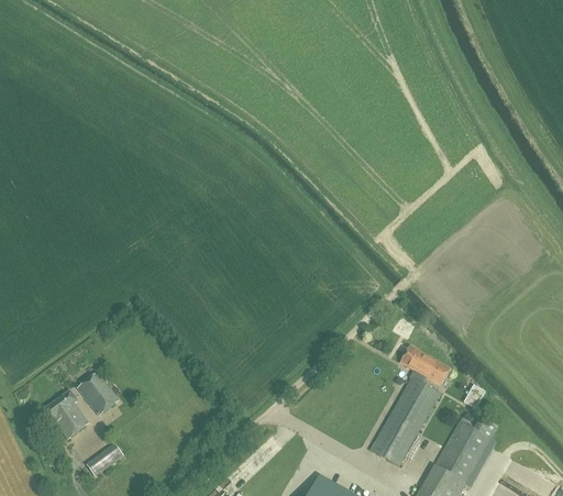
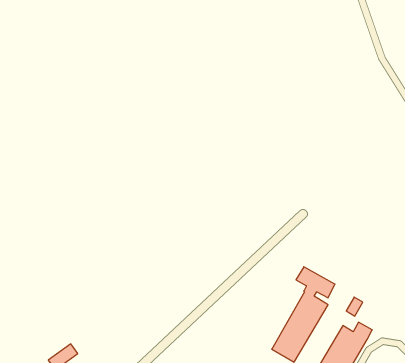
building: [77,373,119,417] -> none
building: [44,390,89,439] -> none

